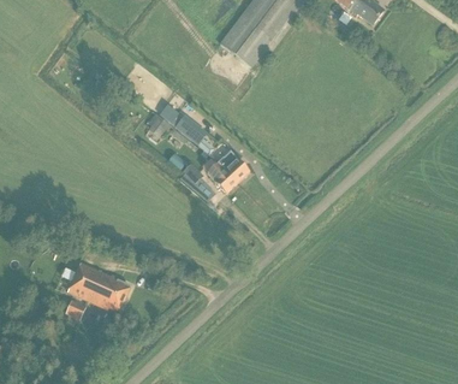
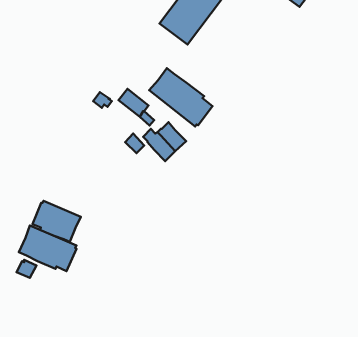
building: none -> [149,68,213,127]
building: none -> [33,201,81,242]

